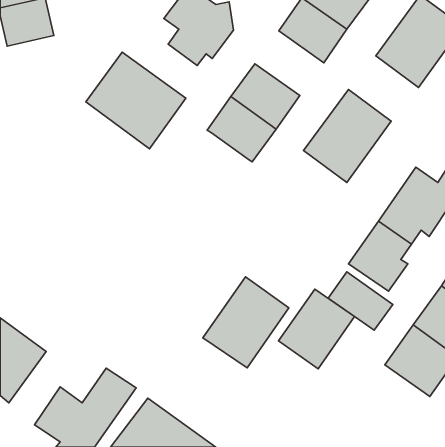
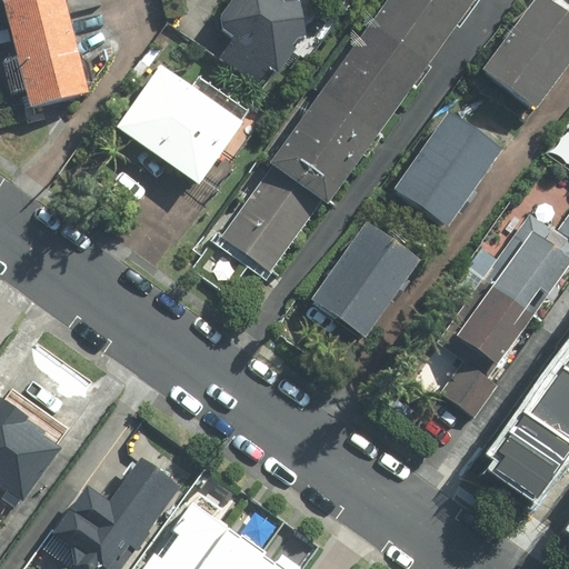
building: none -> [329,39,416,120]
building: none -> [18,44,88,108]
building: none -> [227,167,322,269]
building: [203,277,289,368] -> [310,223,418,338]
building: [278,289,354,369] -> none

